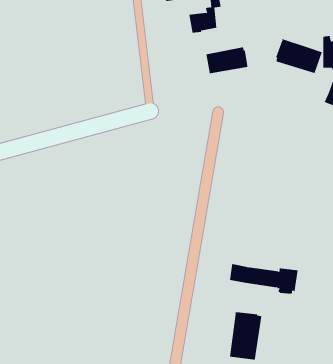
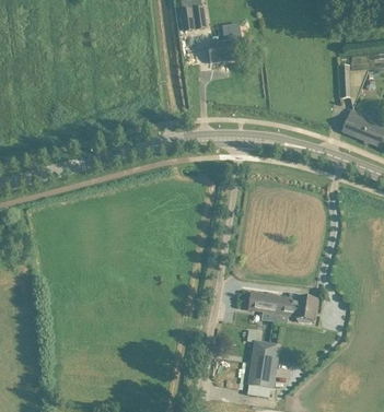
building: [276,38,322,74] -> none
building: [206,47,249,74] -> none

